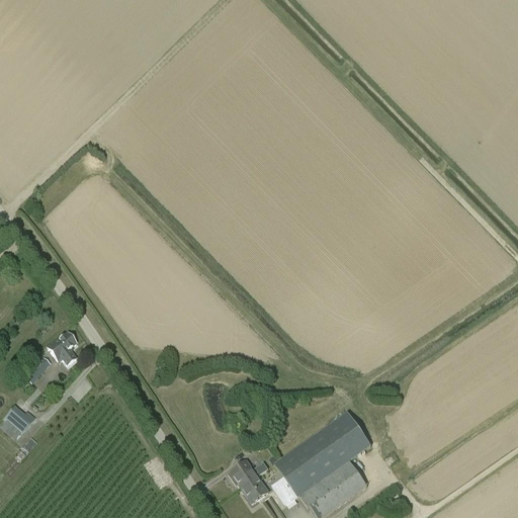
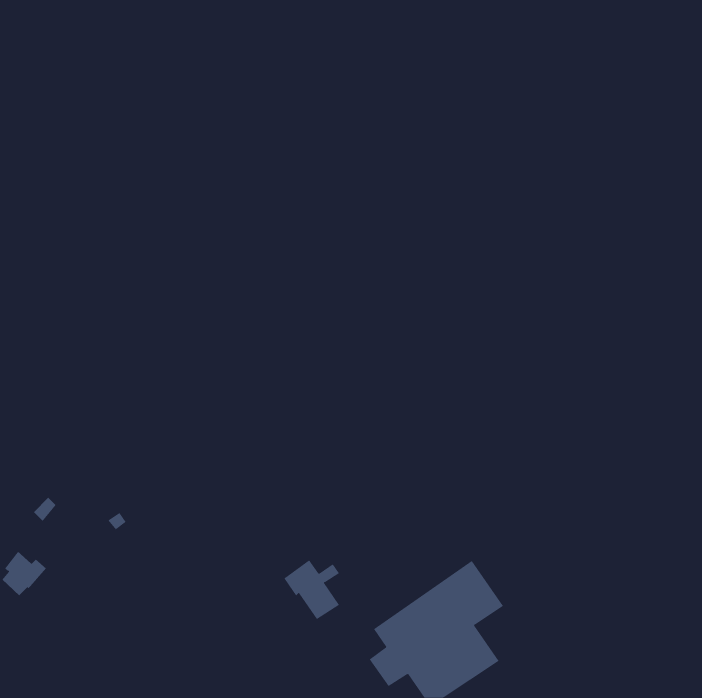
building: [48,332,77,365] -> none
building: [228,458,269,503] -> [283,559,340,620]

